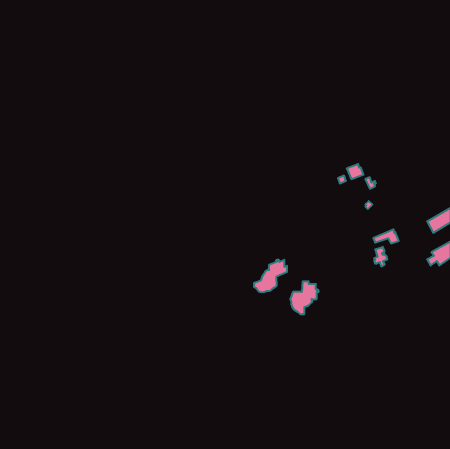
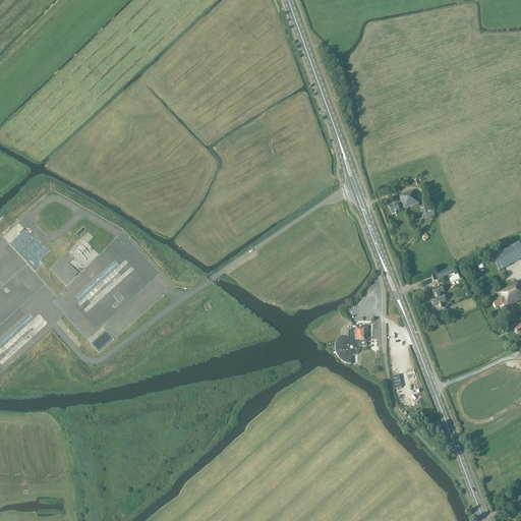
building: [254,259,287,292] -> none

